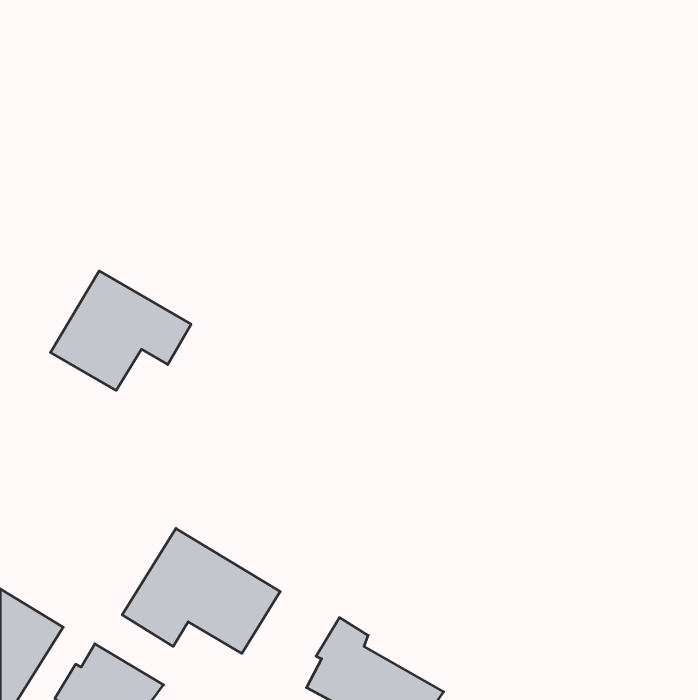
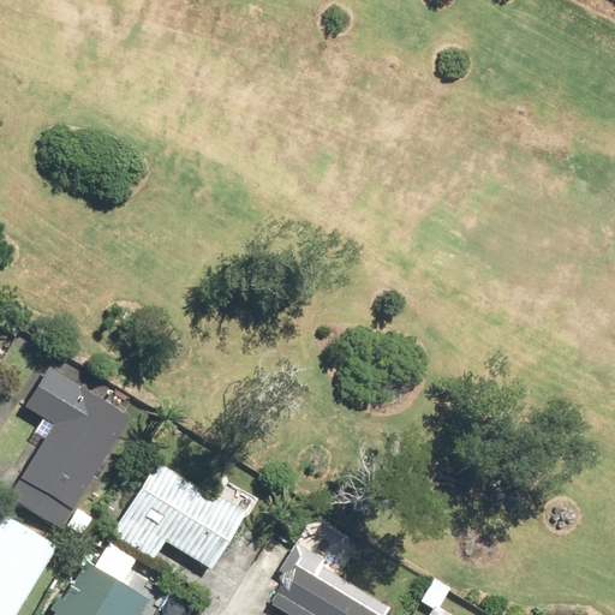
building: [50,271,191,390] -> none
building: none -> [10,366,127,525]

